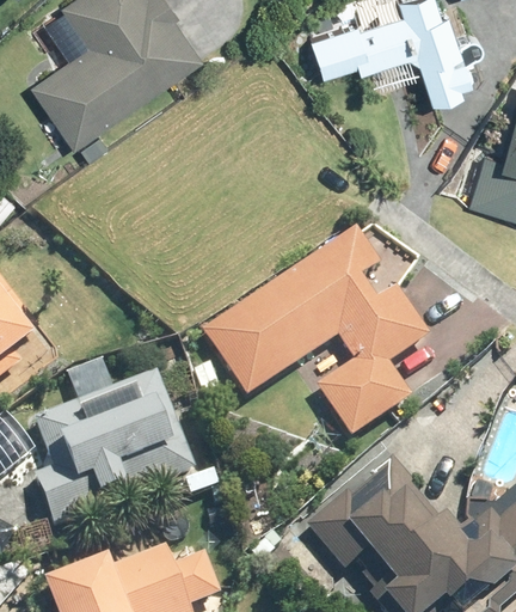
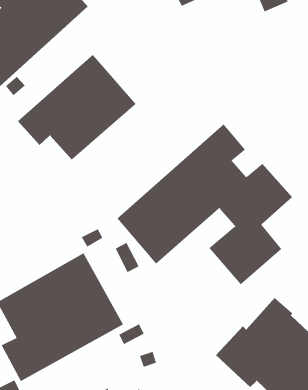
building: none -> [17,54,137,161]

